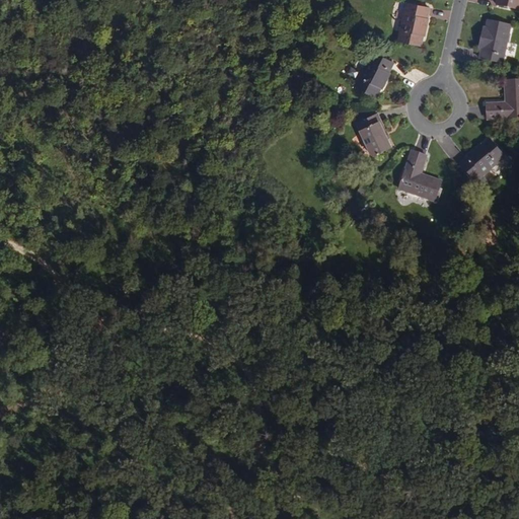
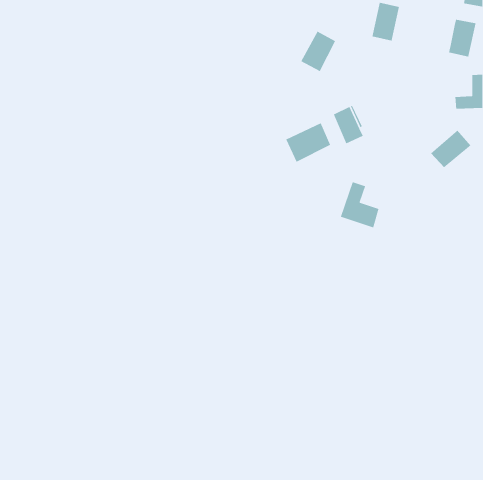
building: [354,51,392,95] -> [300,30,336,72]
building: none -> [285,122,331,163]
building: [398,151,441,202] -> [340,181,379,229]

